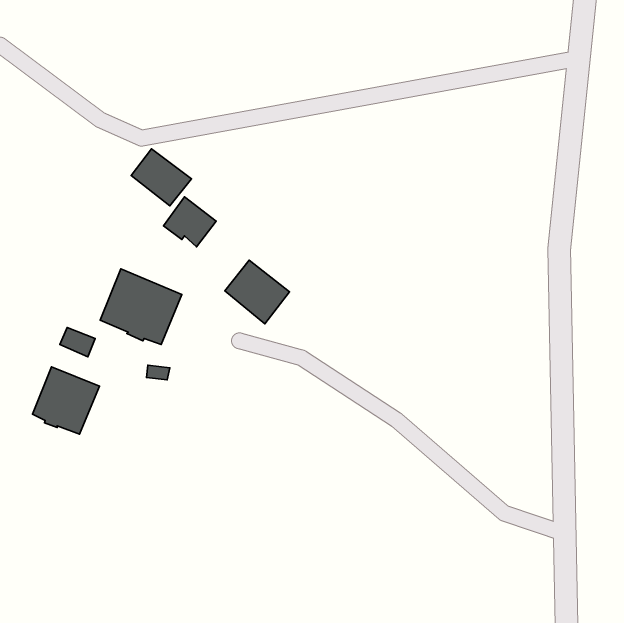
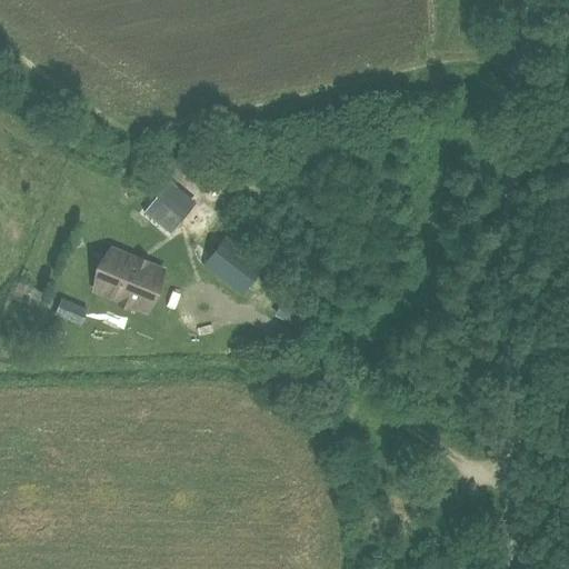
building: [131,149,191,206] -> none
building: [32,367,99,434] -> none

